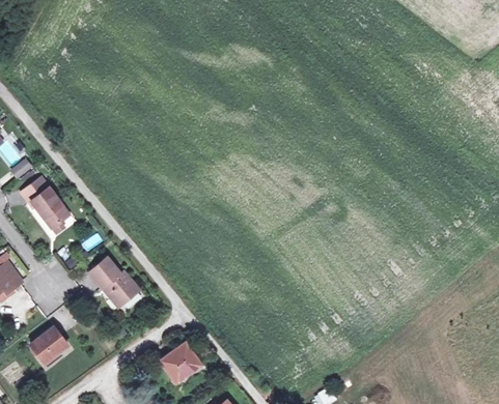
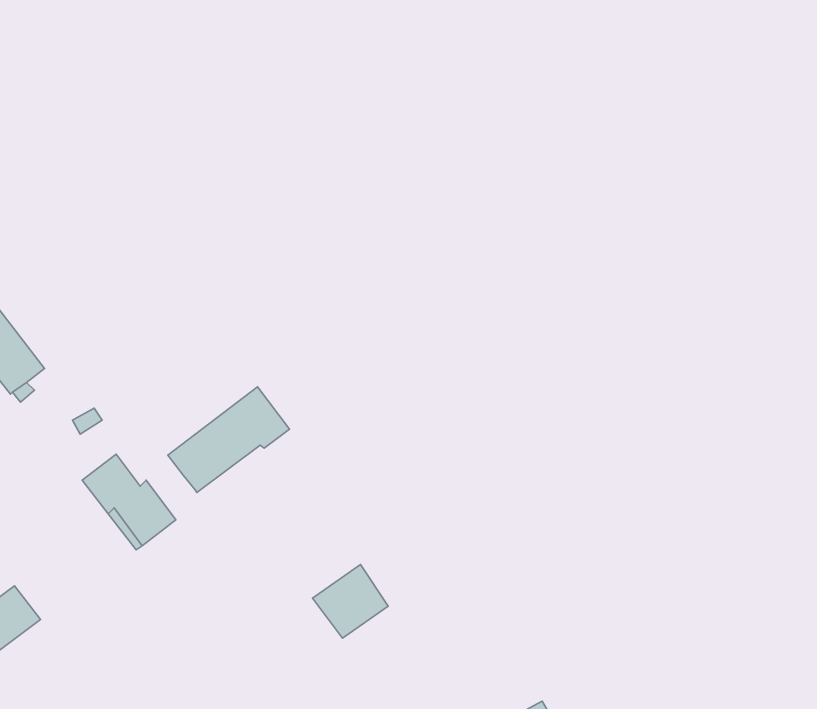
building: none -> [168,387,289,492]
building: [161,343,200,381] -> [313,564,388,638]

